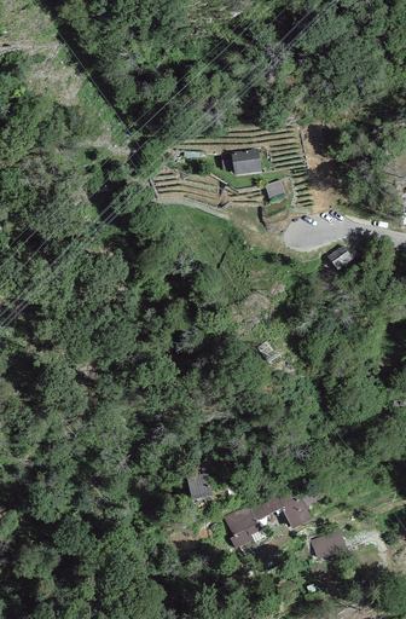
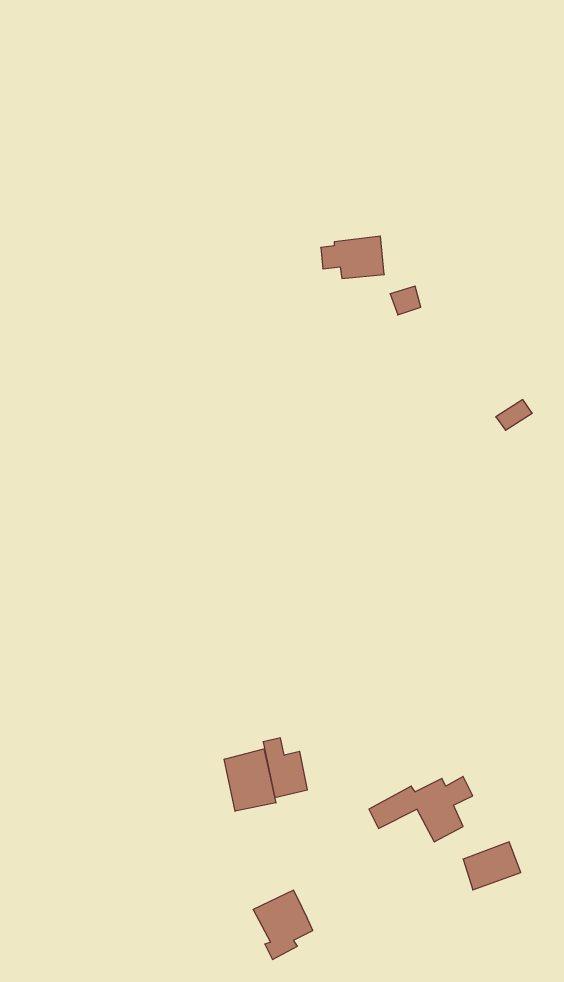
building: none -> [224,749,276,811]
building: [224,504,261,548] -> [253,890,313,959]

